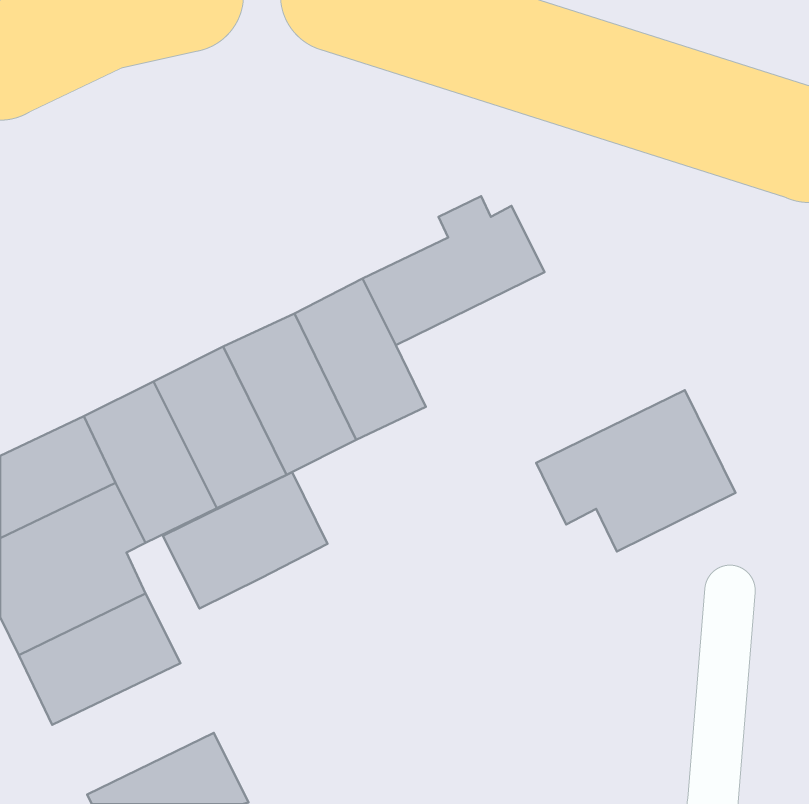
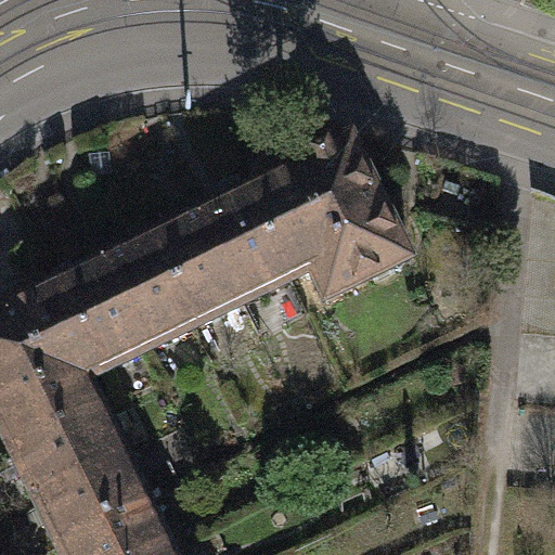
building: [536,390,736,551] -> [271,186,408,297]
building: [163,472,327,608] -> none
building: none -> [36,454,146,544]

